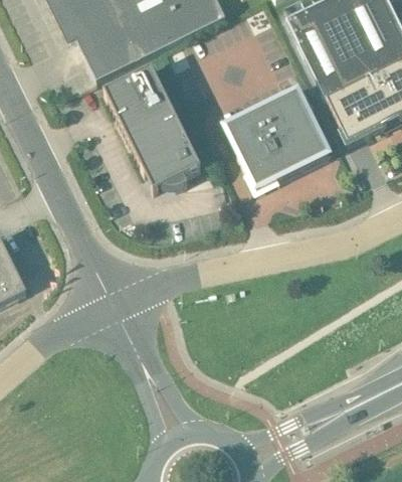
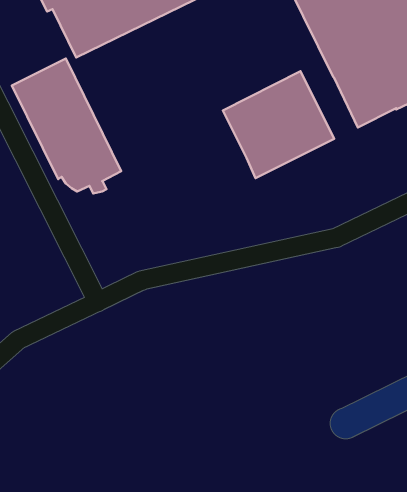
building: [105,64,202,185] -> [12,59,121,194]

